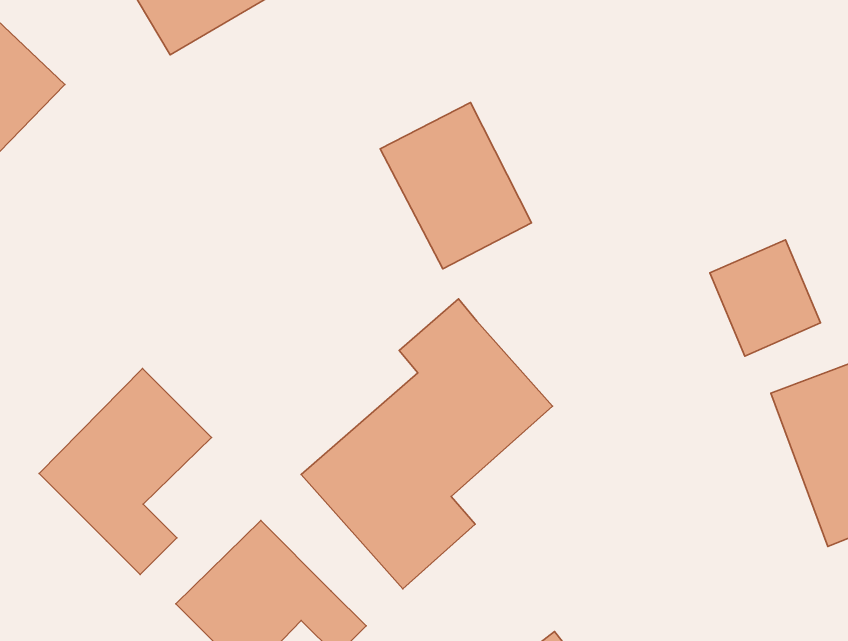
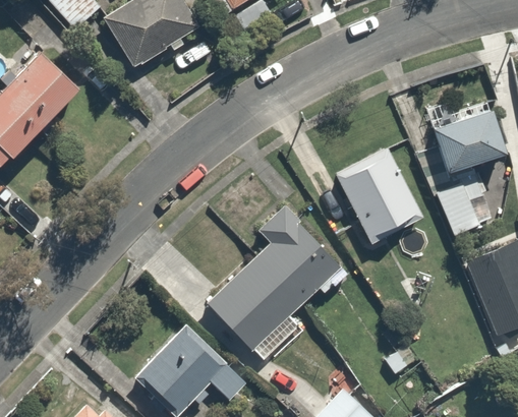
building: [380,103,532,269] -> [337,151,420,242]
building: none -> [429,104,503,166]
building: [39,368,212,575] -> none

